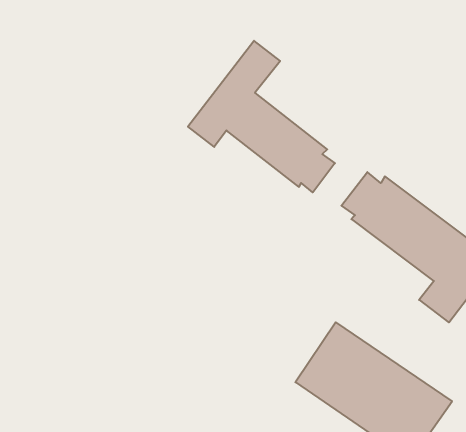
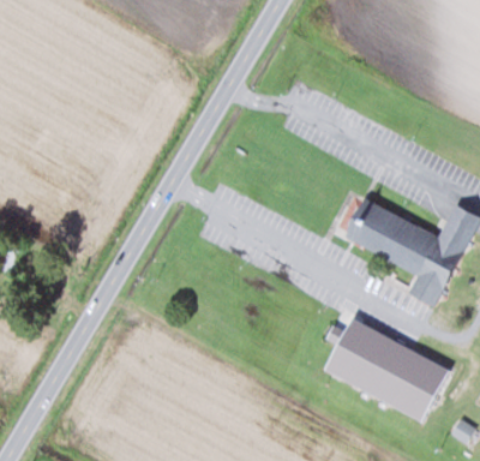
building: [188,41,335,192] -> none

